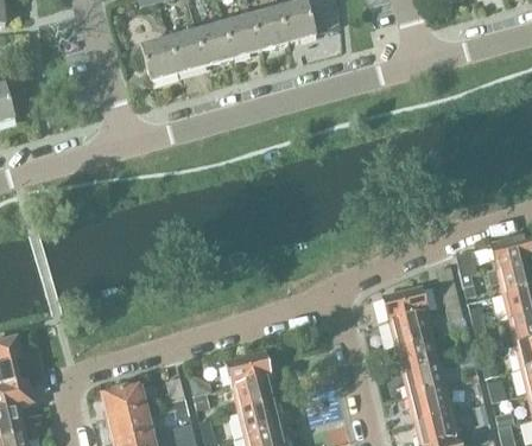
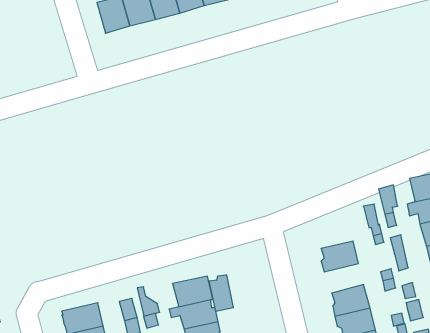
building: [382,286,428,321] -> none
building: [395,337,439,370] -> none
building: none -> [209,275,233,312]

